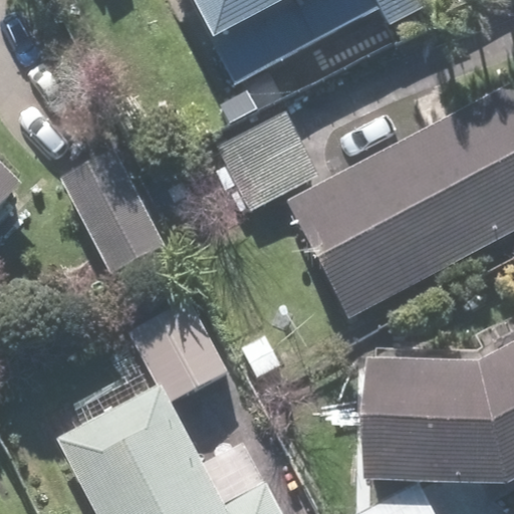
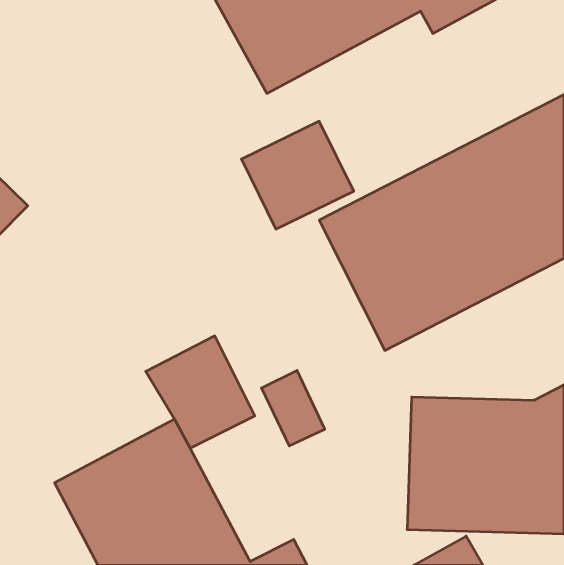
building: [61,154,165,270] -> none

